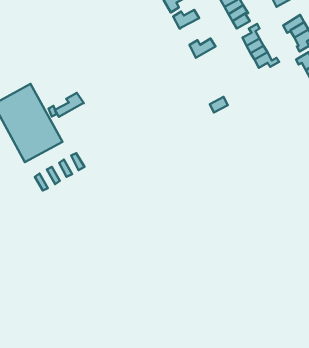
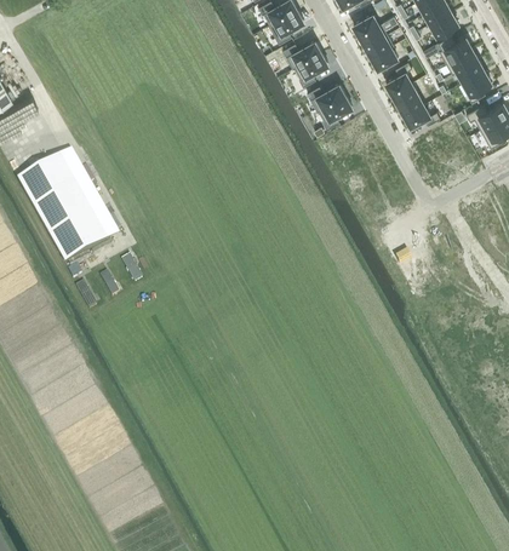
building: none -> [437,34,471,62]
building: none -> [293,51,327,85]
building: none -> [318,93,351,127]
building: [55,93,84,117] -> none

